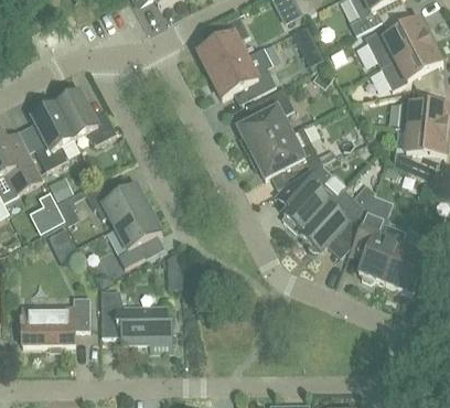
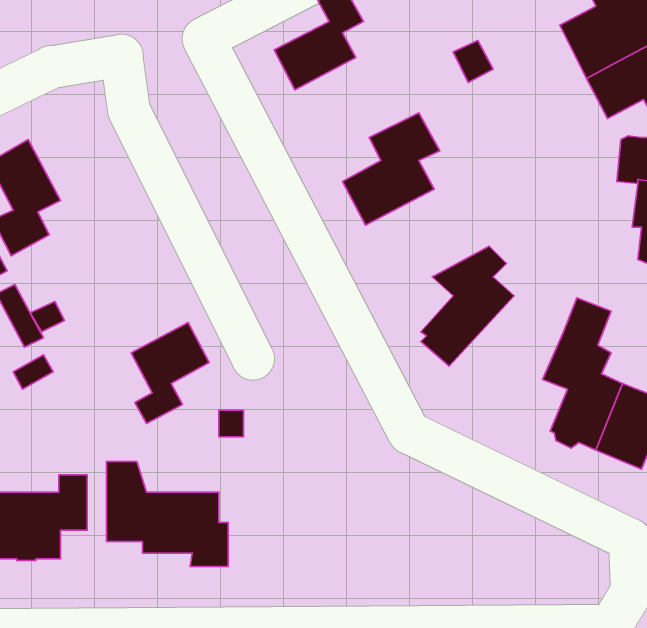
building: [210,45,275,97] -> none
building: [55,89,116,143] -> none
building: [250,125,322,179] -> none
building: [299,182,374,250] -> none
building: [86,184,148,225] -> none

